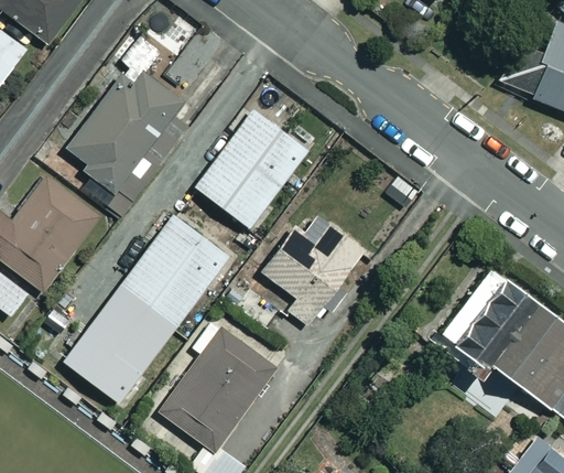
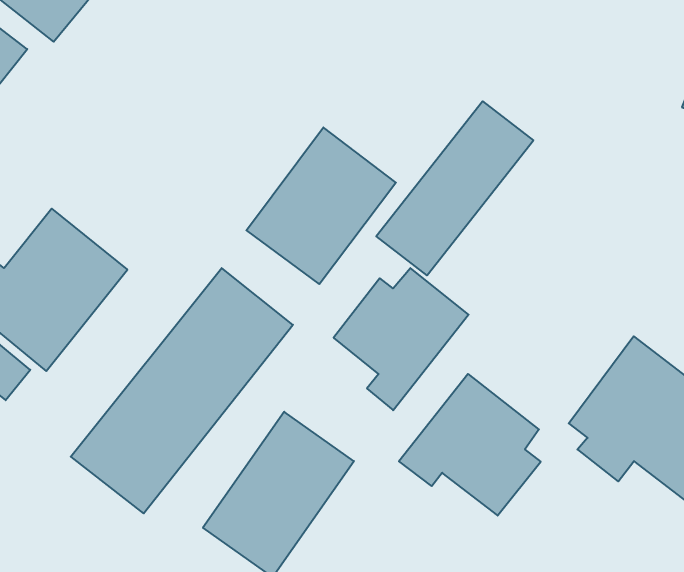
building: [66,73,185,215] -> none
building: none -> [376,101,533,275]
building: none -> [399,374,541,516]

